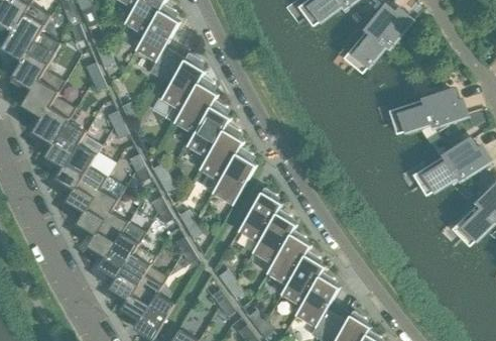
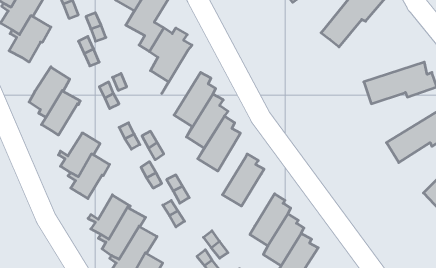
building: [21,68,66,120] -> none
building: [173,76,219,145] -> none
building: [53,133,102,189] -> none
building: [252,208,296,263] -> none
building: [85,209,129,256] -> none

